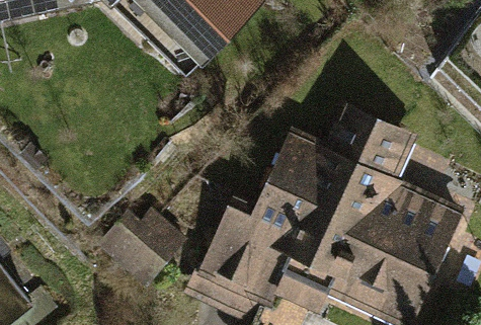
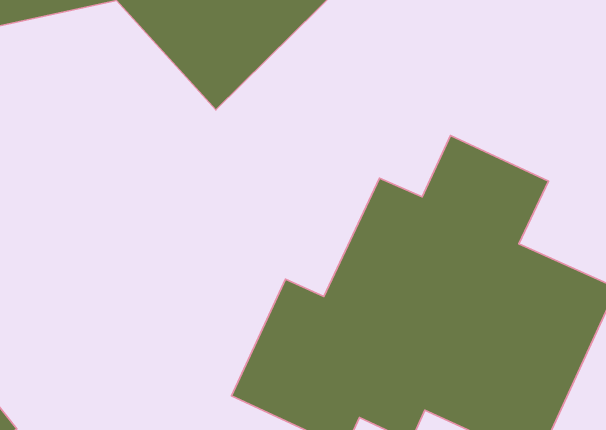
building: [100,213,193,293] -> none

